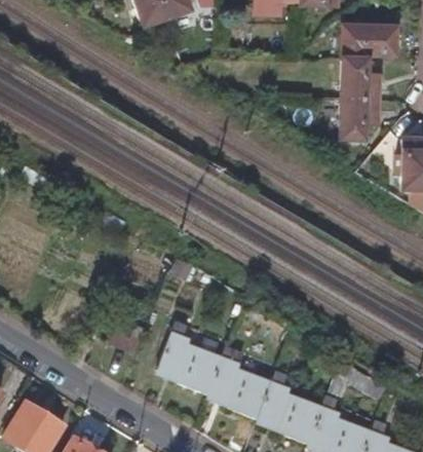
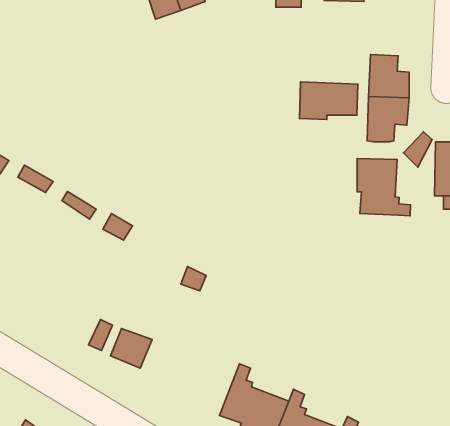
building: [346,25,400,60] -> [299,82,358,119]
building: none -> [357,158,410,216]
building: [155,321,220,394] -> none

